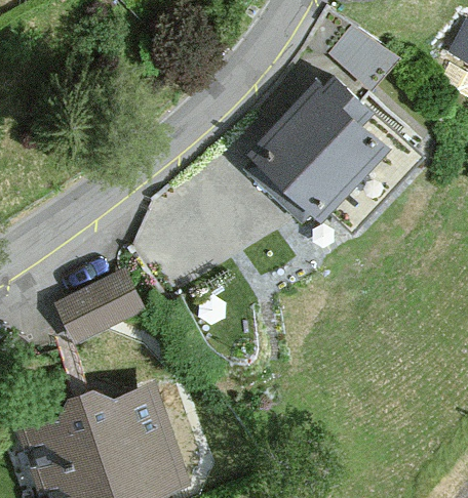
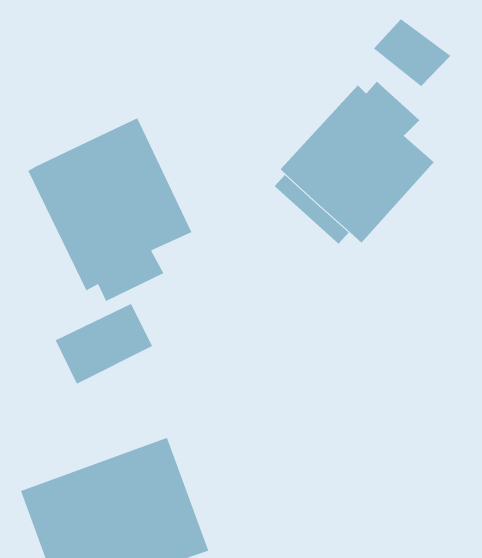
building: none -> [27,117,192,302]

